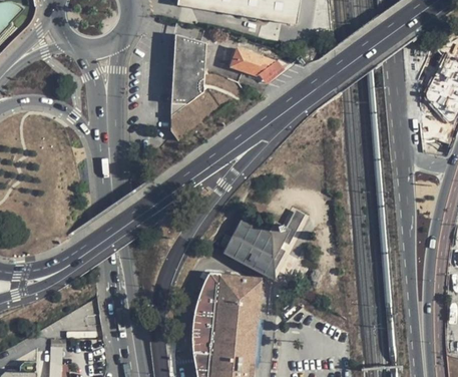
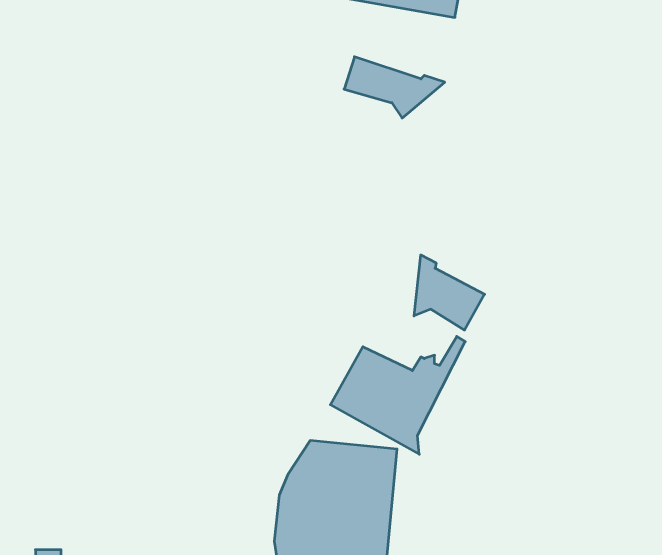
building: [170,33,244,140] -> none
building: none -> [414,255,485,330]

